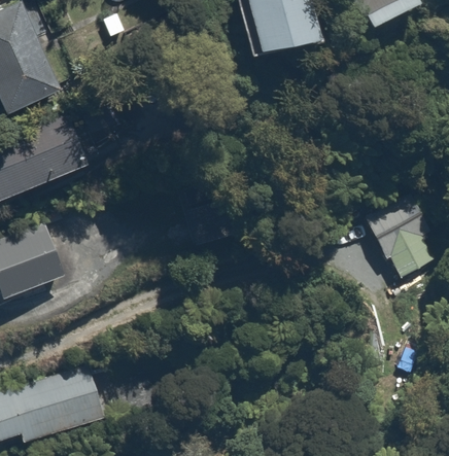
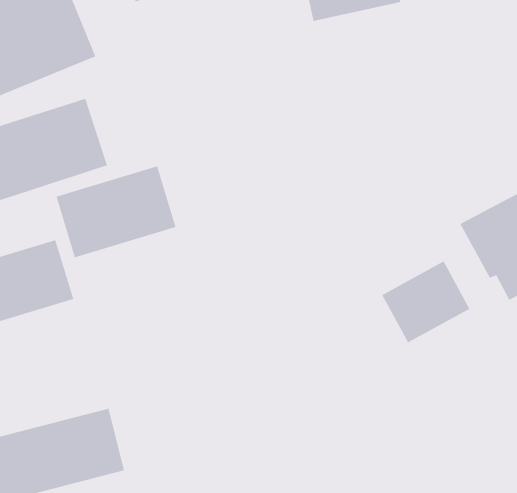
building: none -> [56,166,176,258]
building: none -> [382,261,470,343]

